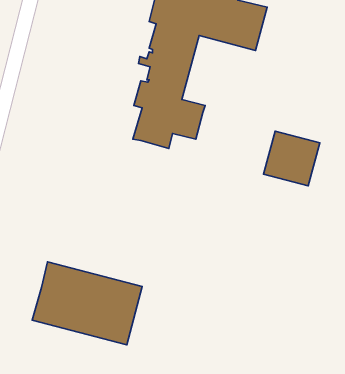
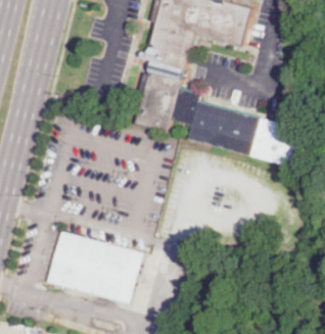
building: none -> [185,100,259,154]

